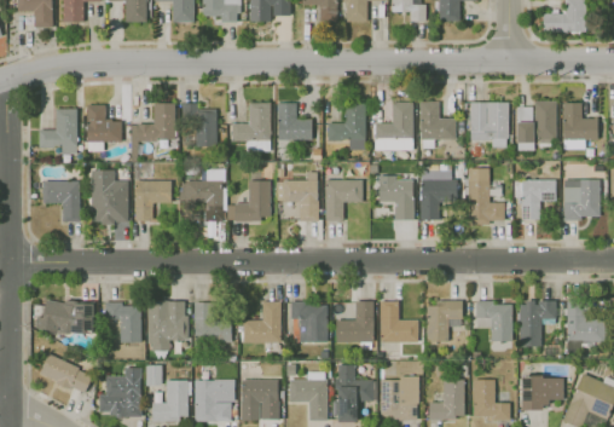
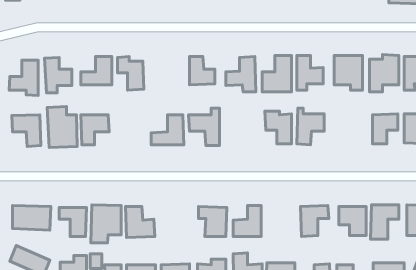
building: [232,102,271,151] -> none
building: [467,168,505,223] -> none
building: [180,169,222,221] -> none
building: [325,179,363,220] -> none
building: [380,300,418,342] -> none
building: [243,301,282,342] -> none

